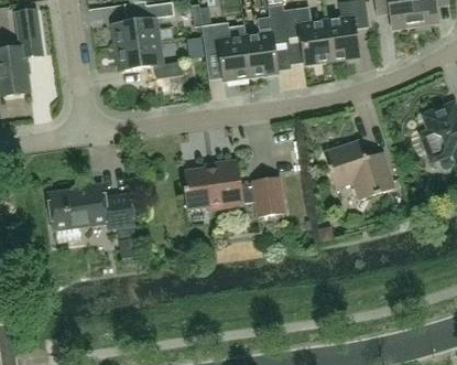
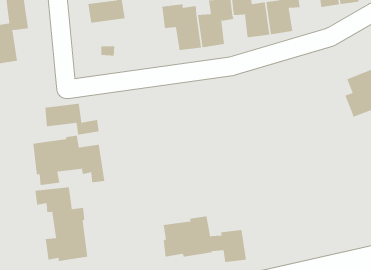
building: [117,41,183,79] -> [44,103,100,135]
building: [324,139,395,198] -> none
building: [184,159,284,215] -> [163,216,247,263]
building: none -> [35,186,88,262]

